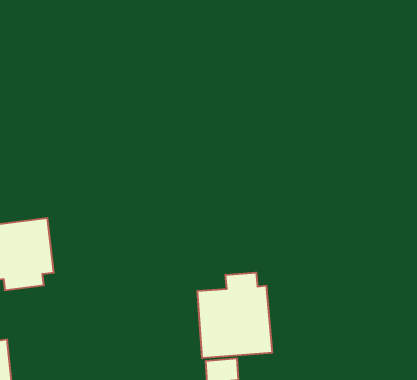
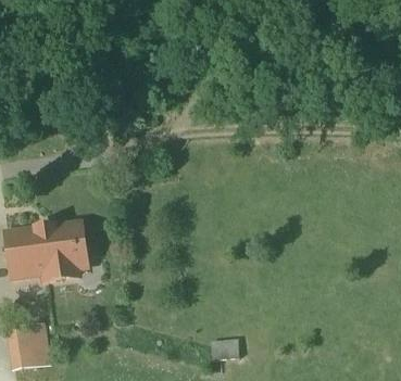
building: [197,272,272,358] -> none

